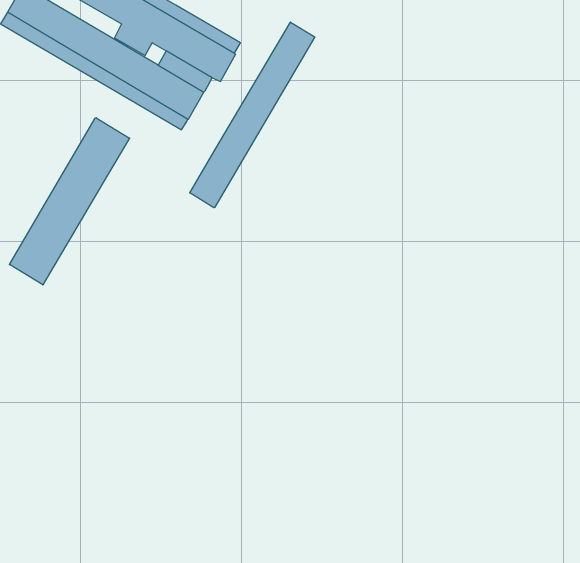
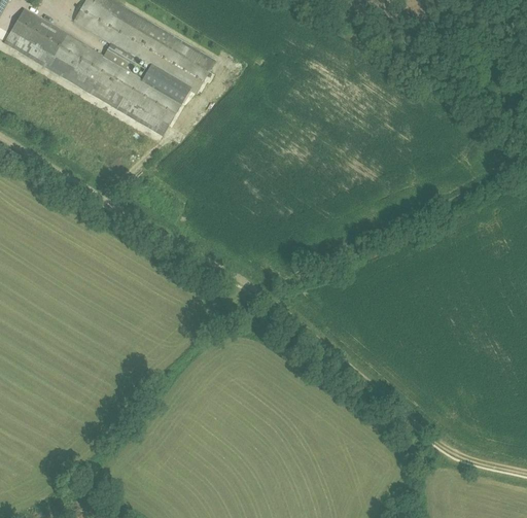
building: [190,22,315,208] -> none
building: [9,118,130,285] -> none

